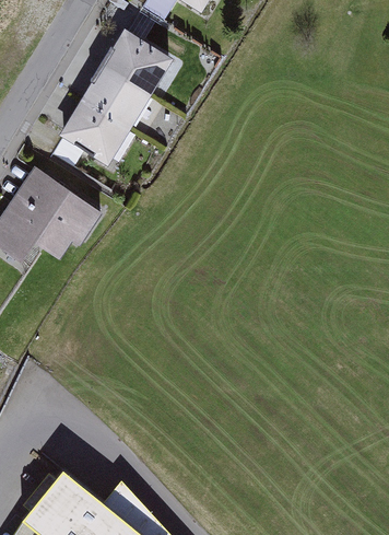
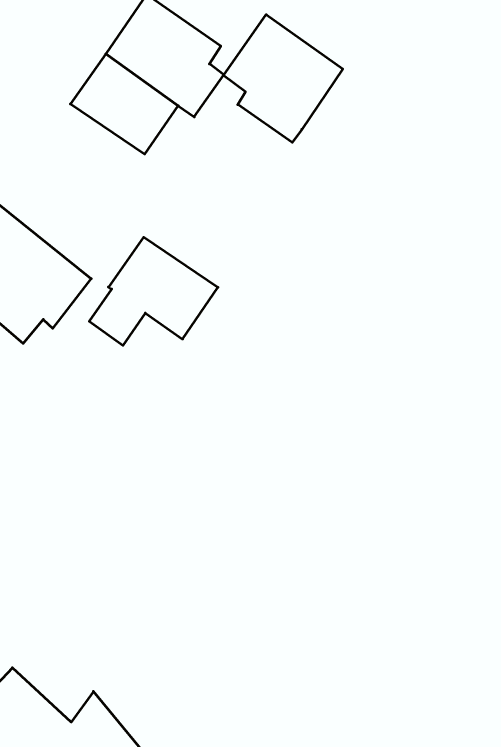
building: none -> [224,15,343,142]
building: [47,101,129,172] -> [89,237,218,345]

